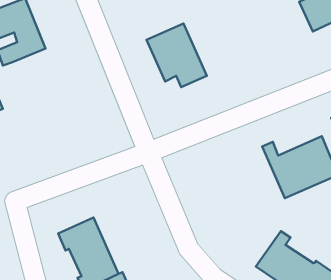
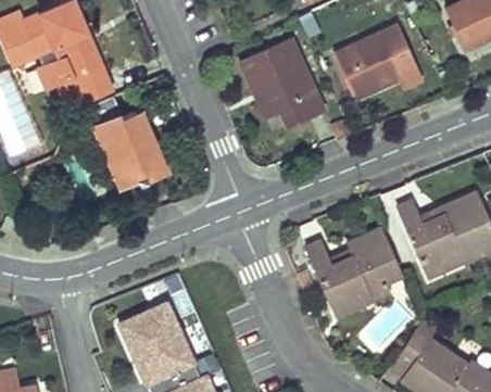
building: none -> [333,27,410,100]
building: none -> [59,74,114,118]
building: none -> [93,106,166,188]
building: none -> [306,230,403,317]

